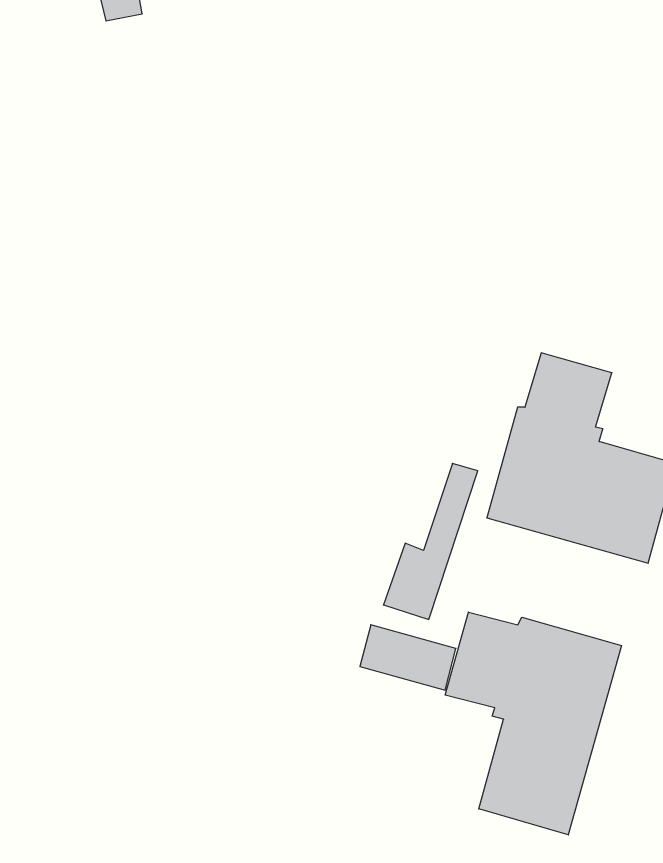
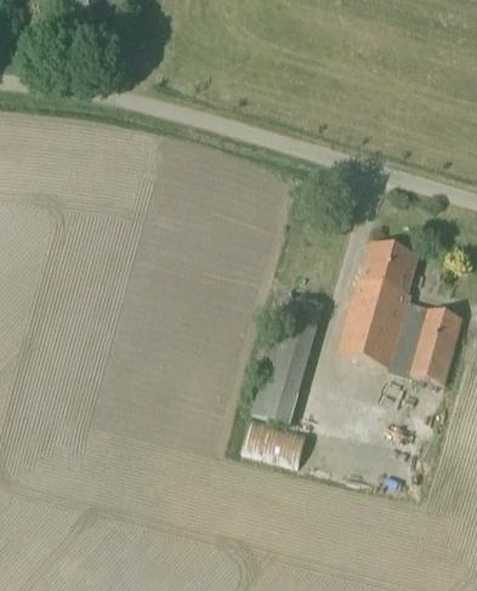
building: [445,612,621,835] -> none

